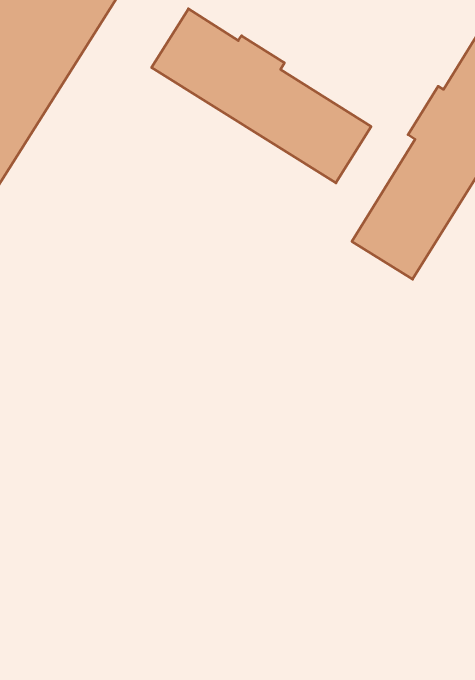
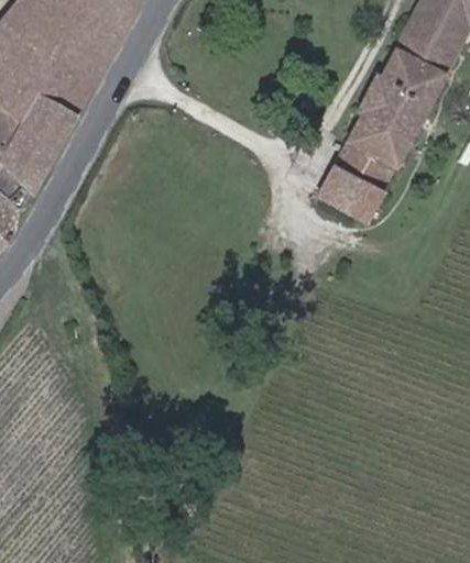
building: [152,9,371,183] -> none

